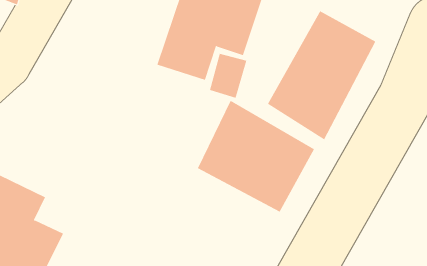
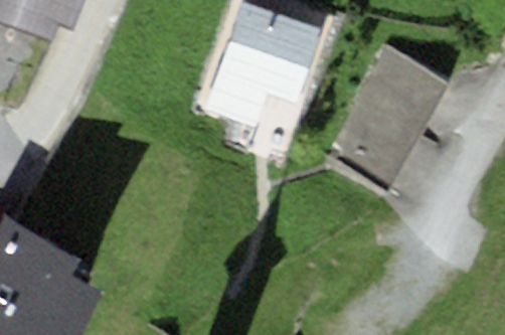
building: [197,100,315,212] -> none

